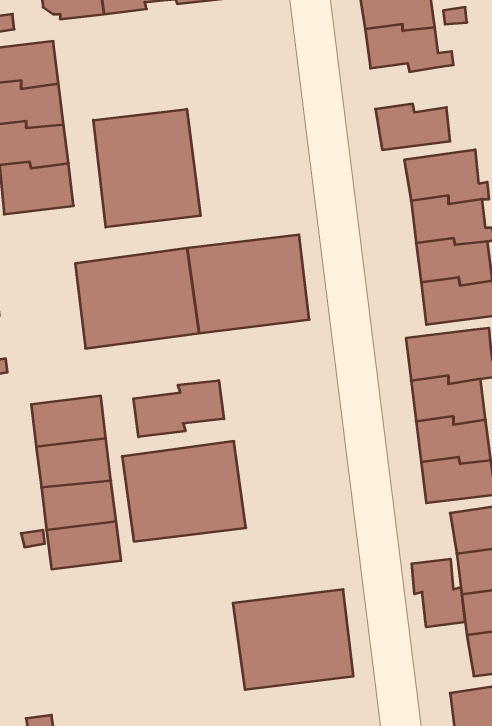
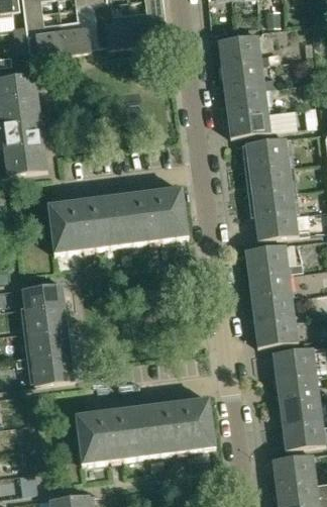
building: none -> [224,84,269,113]
building: [93,109,201,227] -> none
building: [133,380,224,437] -> none
building: [122,441,246,541] -> [76,405,149,465]
building: [412,559,465,627] -> none

